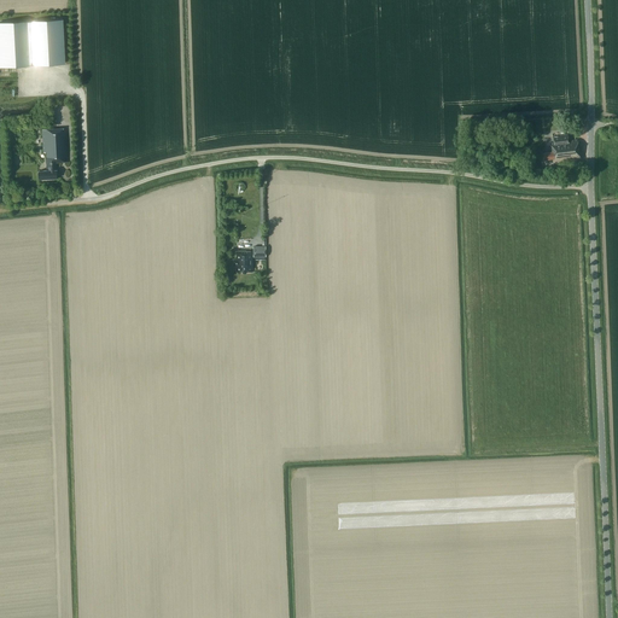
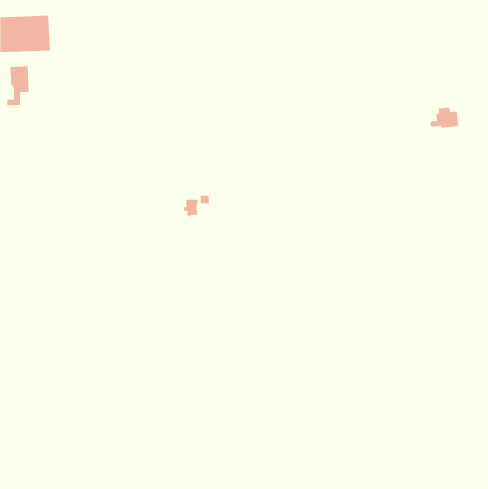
building: [36,128,65,179] -> [7,66,30,106]

